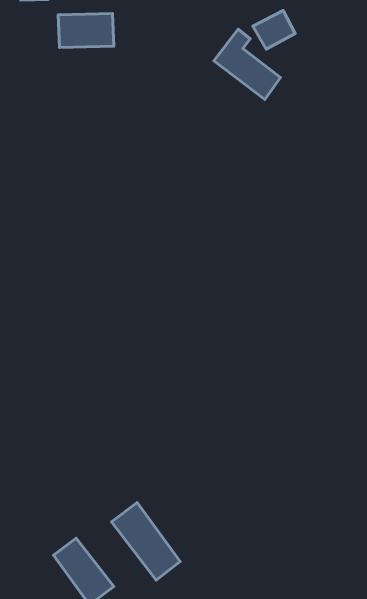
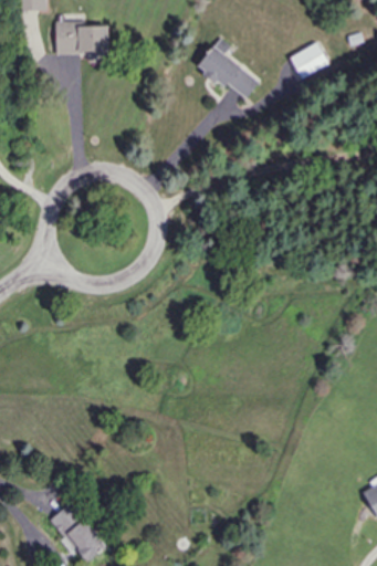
building: [253,11,295,49] -> [290,42,328,77]
building: [111,502,180,580] -> none

